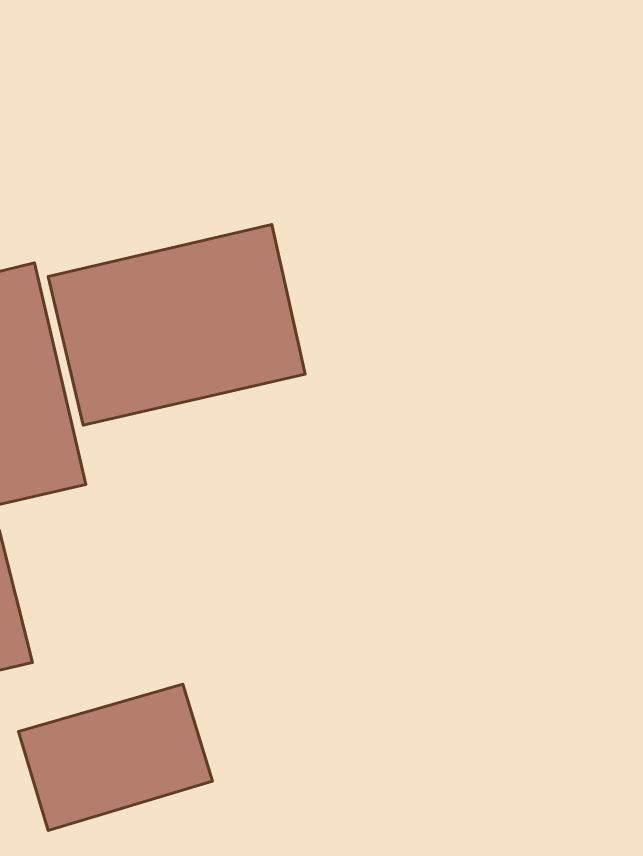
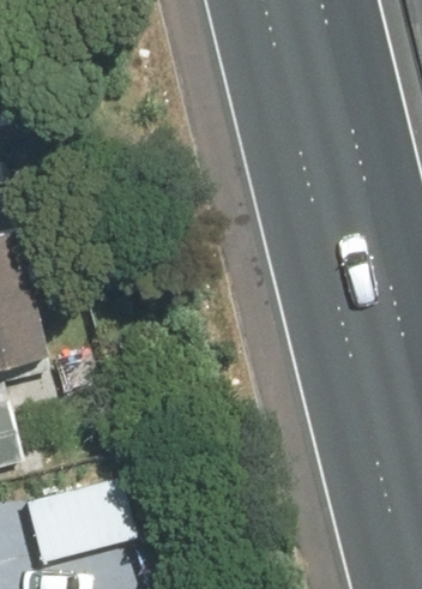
building: [48,224,305,425] -> none

